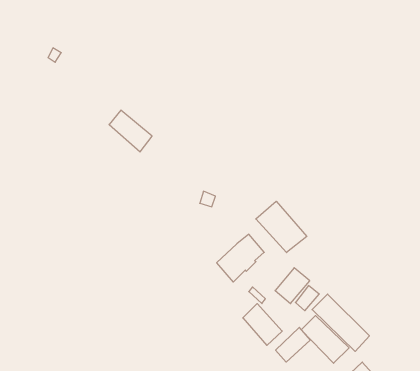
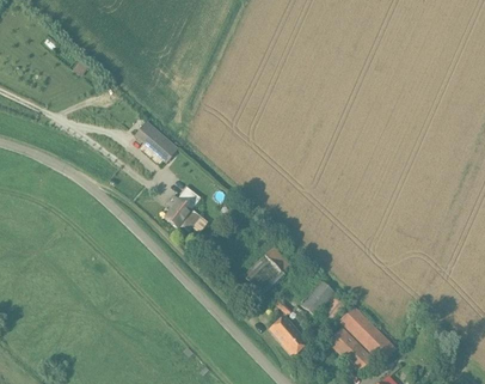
building: none -> [165,185,201,230]
building: [256,201,307,253] -> none
building: [276,327,310,362] -> none

